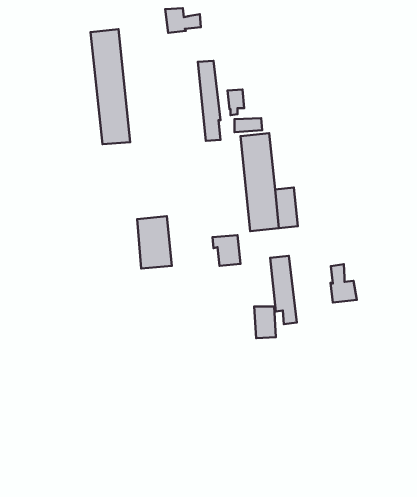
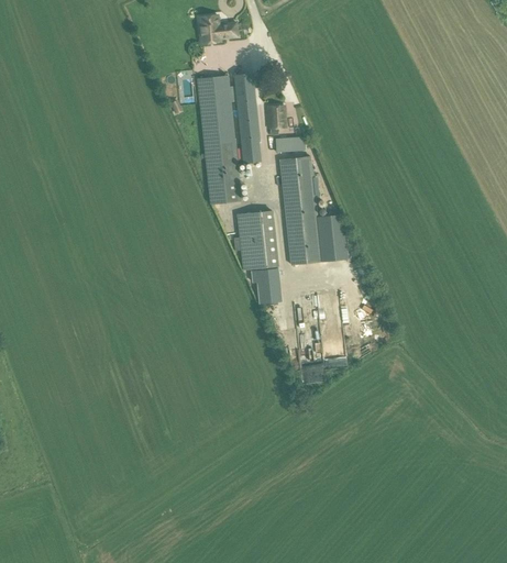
building: [91,29,130,144] -> [196,76,240,203]
building: [137,216,172,269] -> [235,212,274,271]
building: [331,264,357,302] -> none

